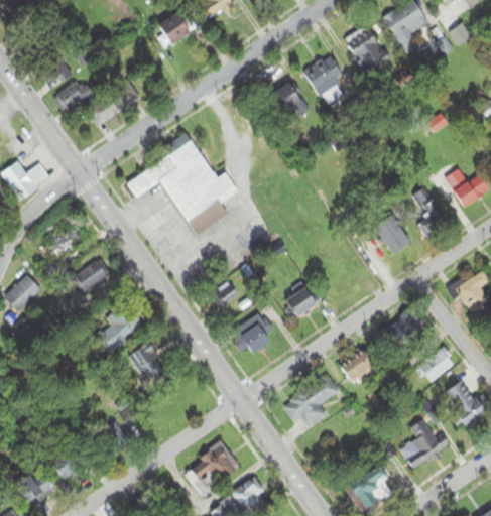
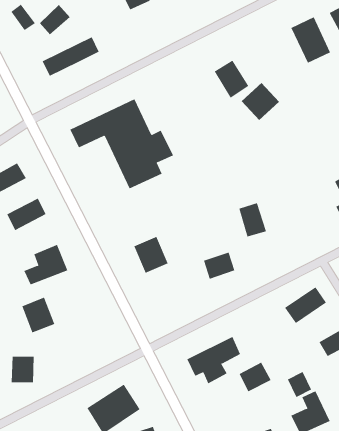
building: [302,54,344,96] -> [241,82,280,121]
building: [54,78,87,112] -> [39,4,71,35]
building: [376,215,409,253] -> [239,203,267,237]
building: [228,312,276,354] -> none
building: [128,342,166,382] -> [21,297,55,333]
building: [341,351,376,385] -> [239,362,271,392]
building: none -> [287,371,312,398]

